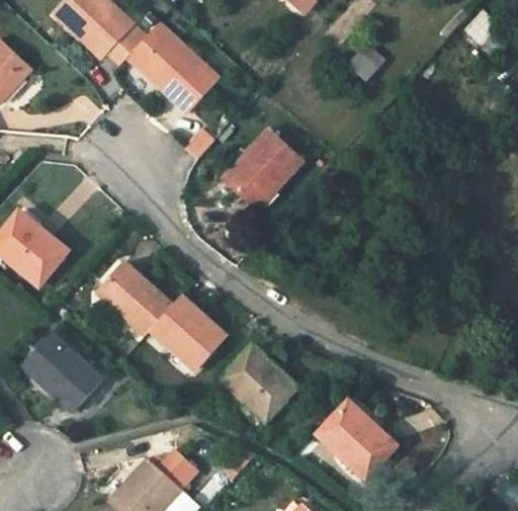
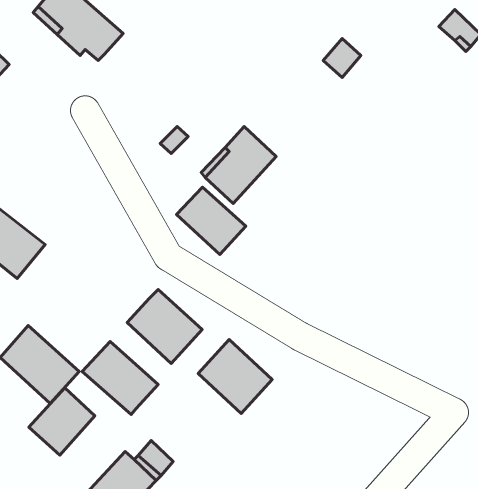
building: [127,23,219,111] -> none
building: none -> [177,187,246,254]
building: [96,261,173,335] -> [82,342,158,415]
building: [318,395,396,478] -> none
building: none -> [29,388,95,455]

